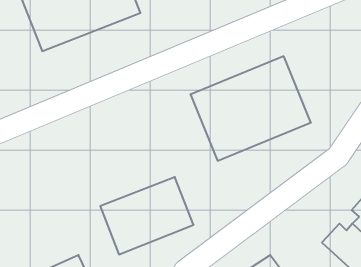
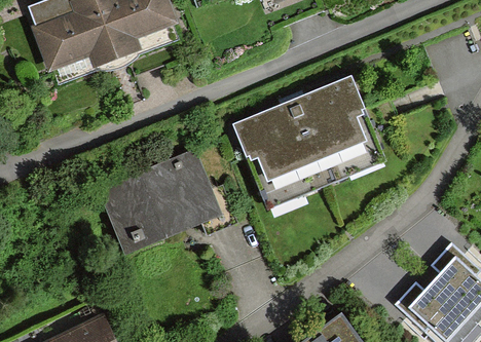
building: [100,177,194,254] -> [101,156,214,250]

